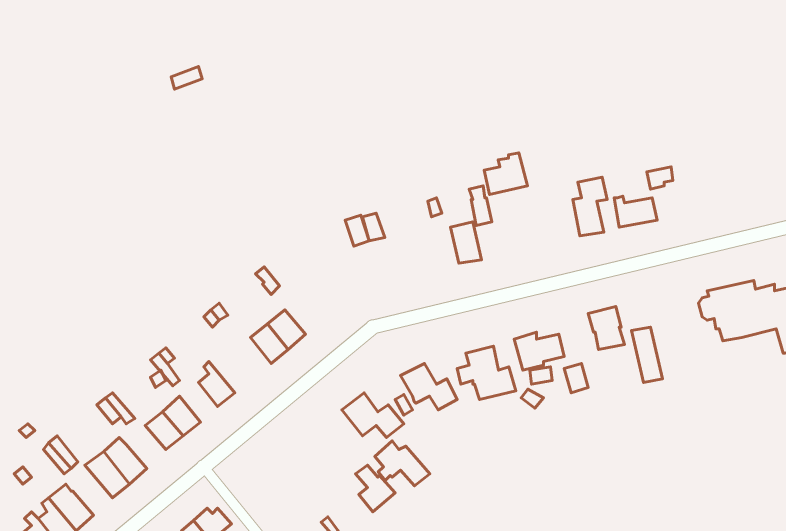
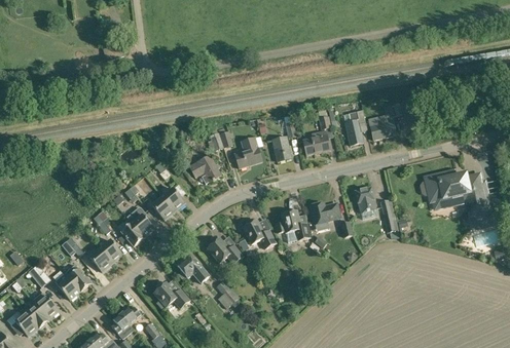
building: [484,153,527,194] -> [303,129,329,154]
building: none -> [234,137,261,167]
building: none -> [188,154,220,183]
building: none -> [126,206,153,237]
building: [375,441,430,486] -> [176,256,209,282]
building: none -> [153,281,189,309]

